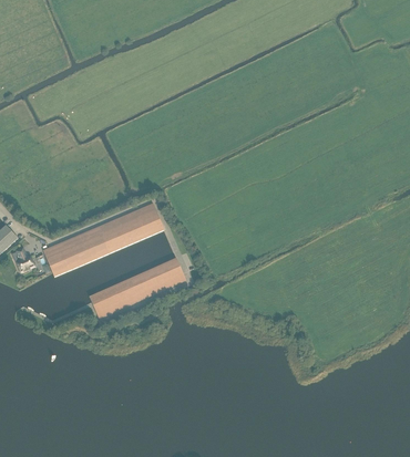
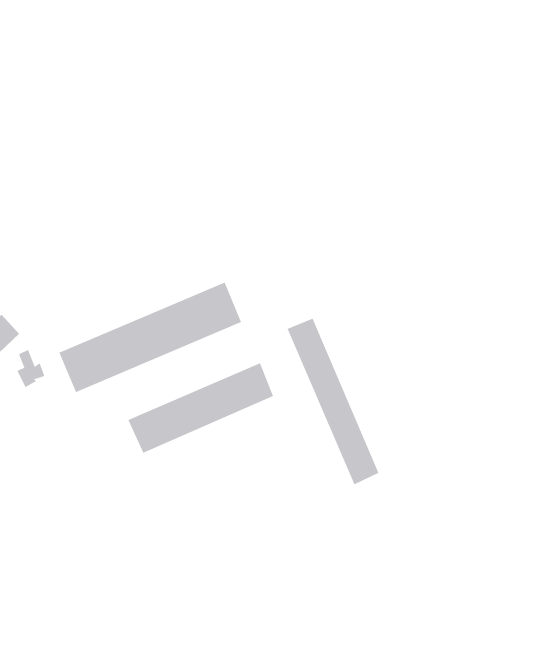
building: none -> [287,318,379,485]

